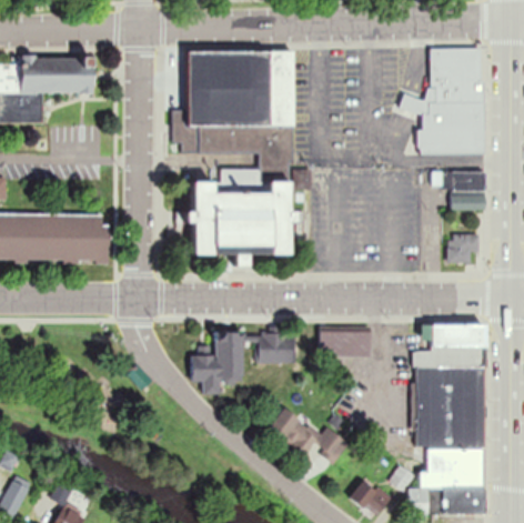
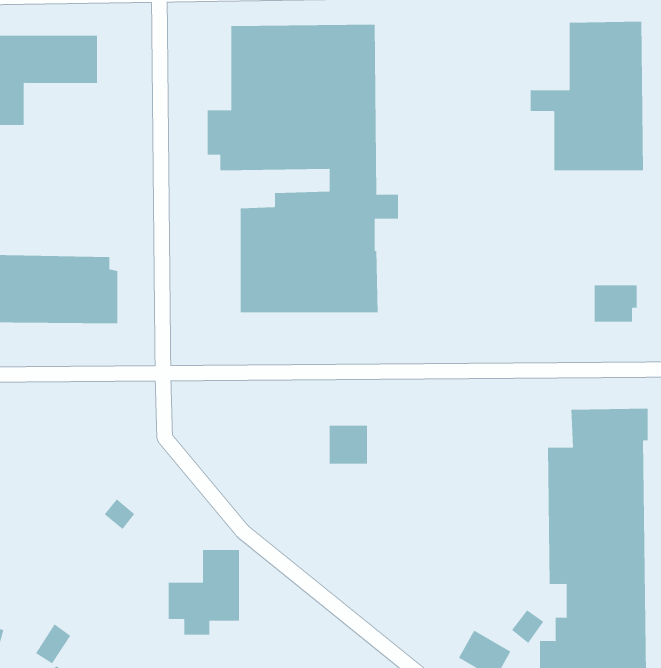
building: [433,171,483,209] -> none
building: [320,330,371,355] -> none
building: [192,332,243,393] -> [168,549,240,635]
building: [272,406,345,469] -> none

